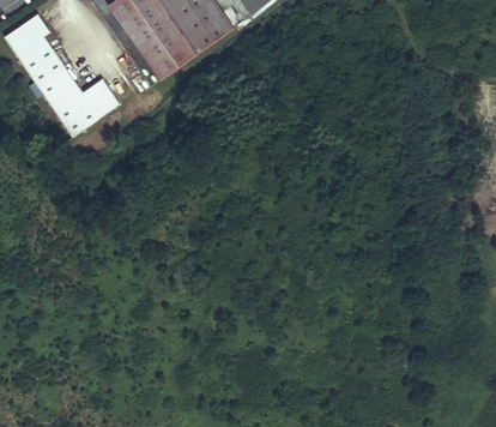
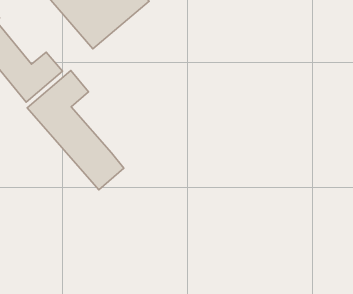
building: none -> [27,71,124,190]

